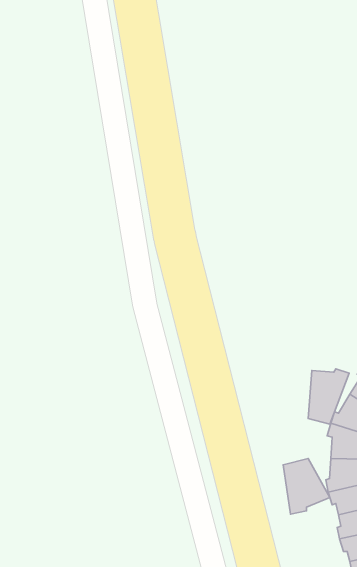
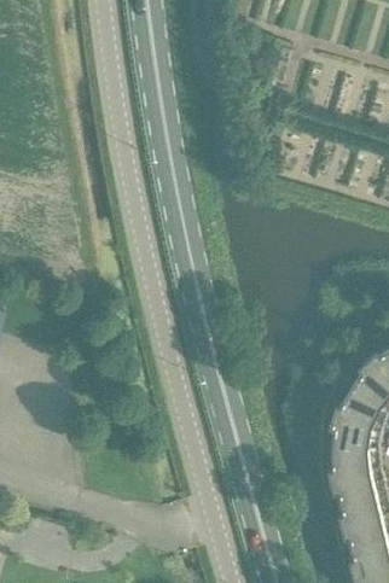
building: [308,369,349,424] -> none
building: [283,458,330,514] -> none

